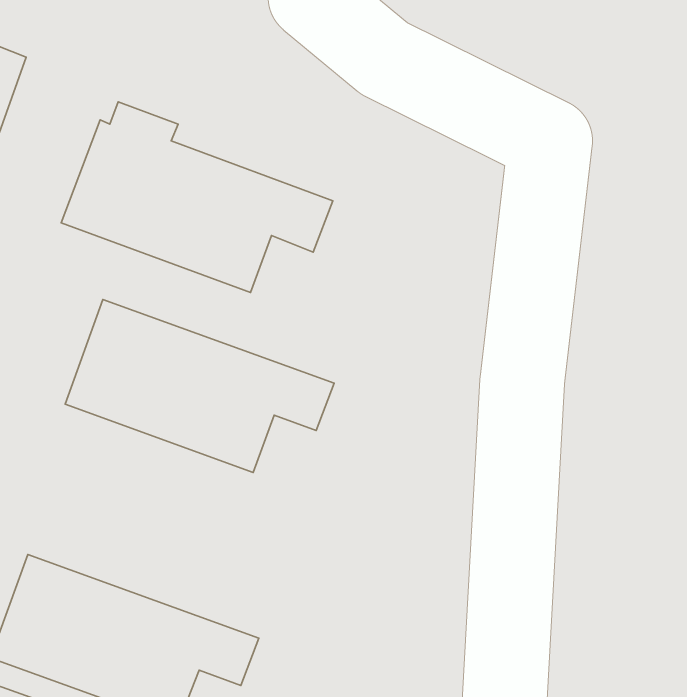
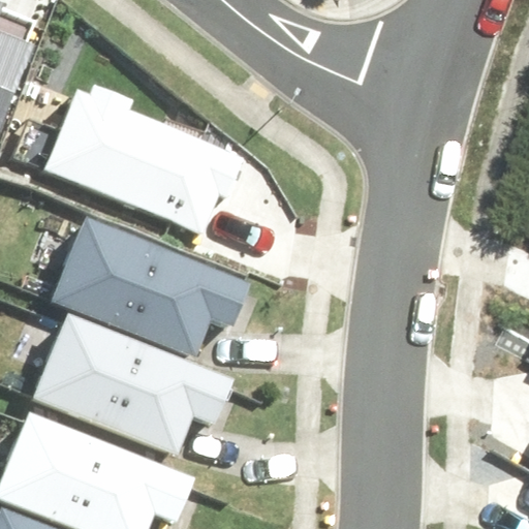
building: none -> [33,319,232,447]

